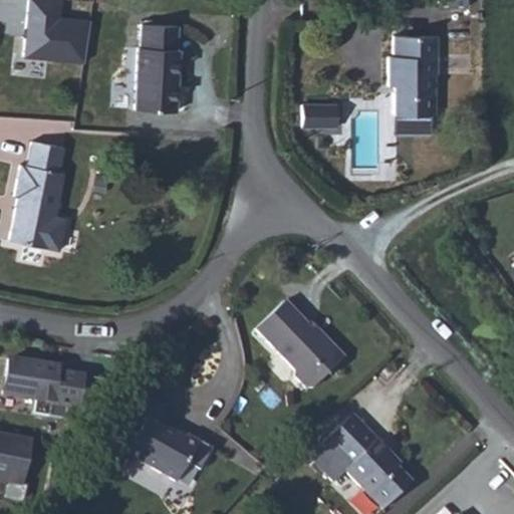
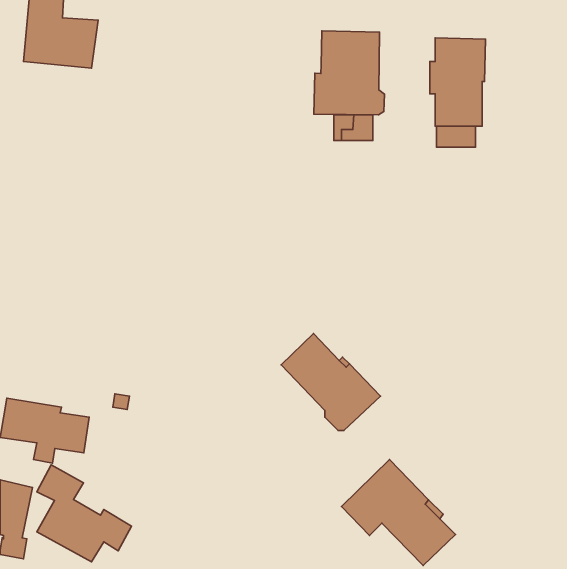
building: [136,22,180,110] -> none
building: none -> [314,31,385,115]
building: [10,140,66,249] -> none
building: [127,393,213,480] -> [37,465,132,562]

